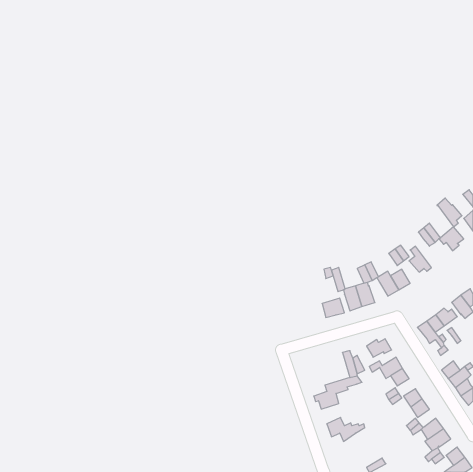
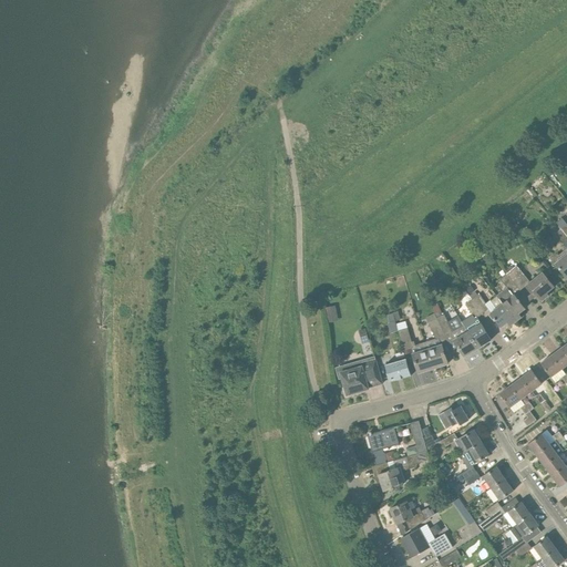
building: [437,198,462,227] -> [496,286,526,320]
building: none -> [337,357,381,393]
building: none -> [368,426,399,451]
building: none -> [402,528,455,557]

